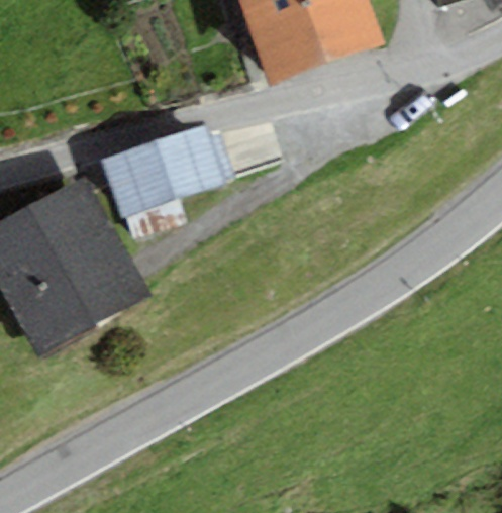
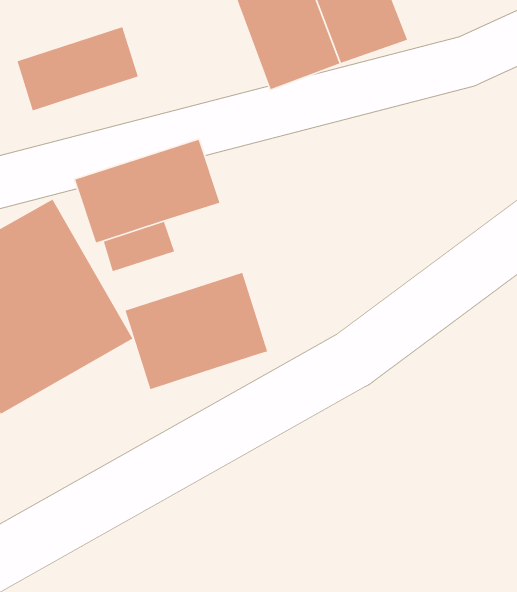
building: none -> [16,26,139,111]
building: none -> [125,272,268,390]

